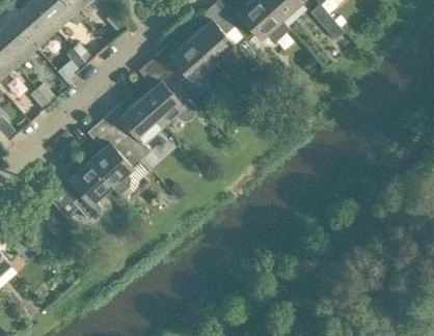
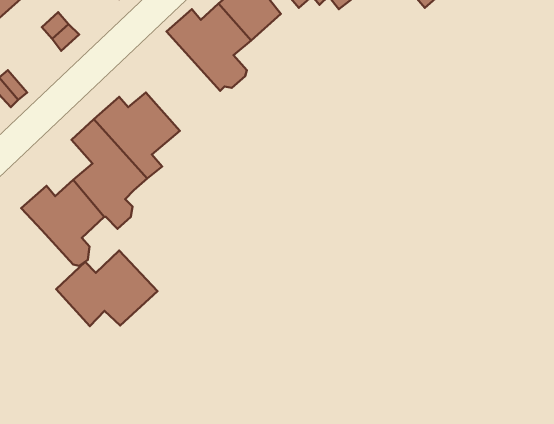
building: [139,57,195,127] -> none
building: none -> [56,251,157,326]

